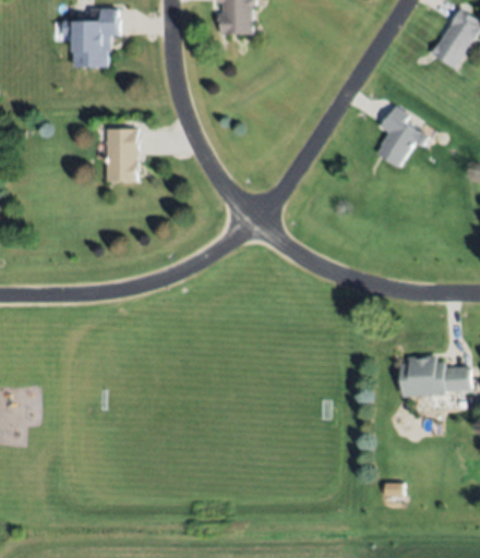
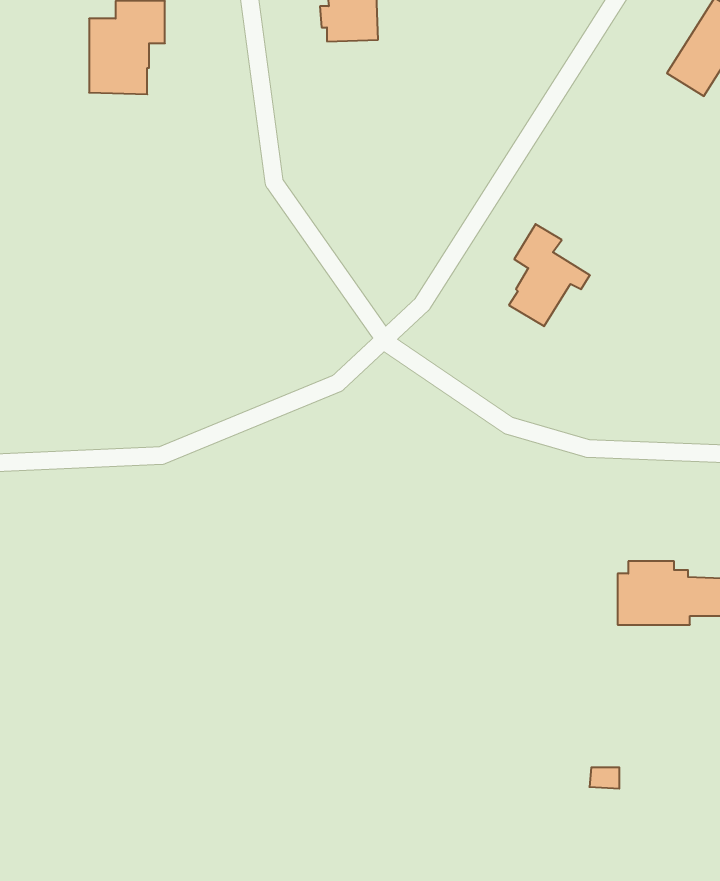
building: [376,105,427,168] -> [509,224,590,326]
building: [106,129,137,182] -> none

